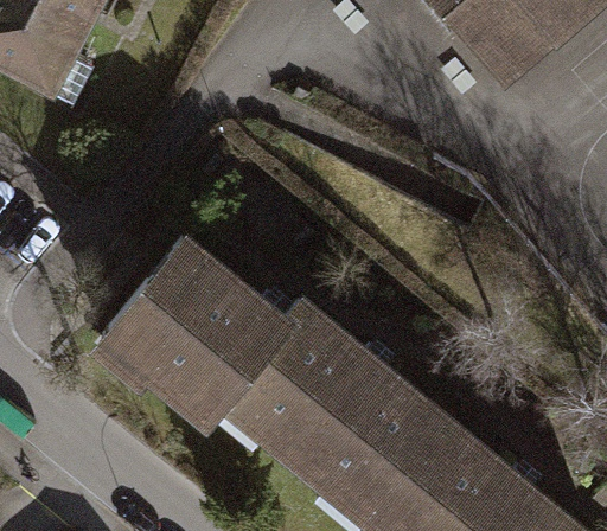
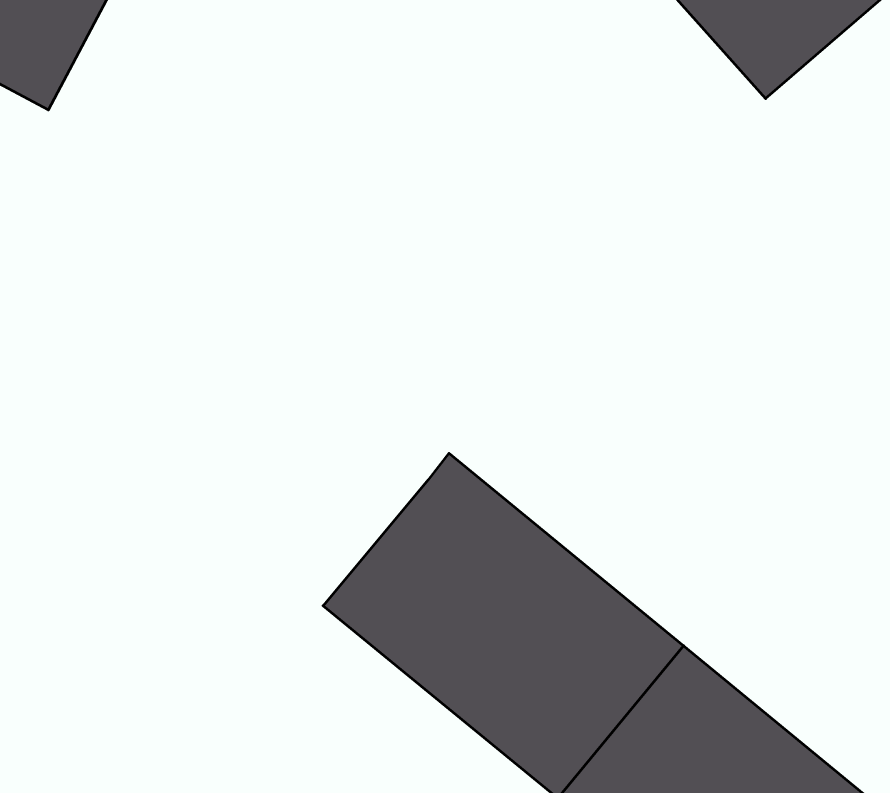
building: [104,236,289,420] -> none

